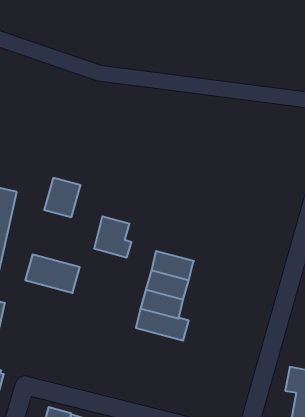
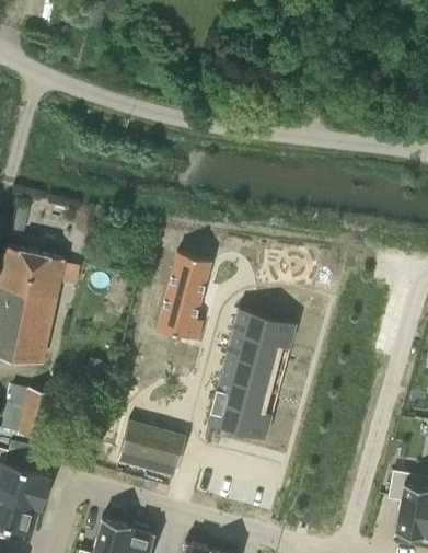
building: [44,178,81,217] -> [167,253,211,300]
building: none -> [232,310,297,349]
building: [25,255,80,293] -> [120,423,186,469]

